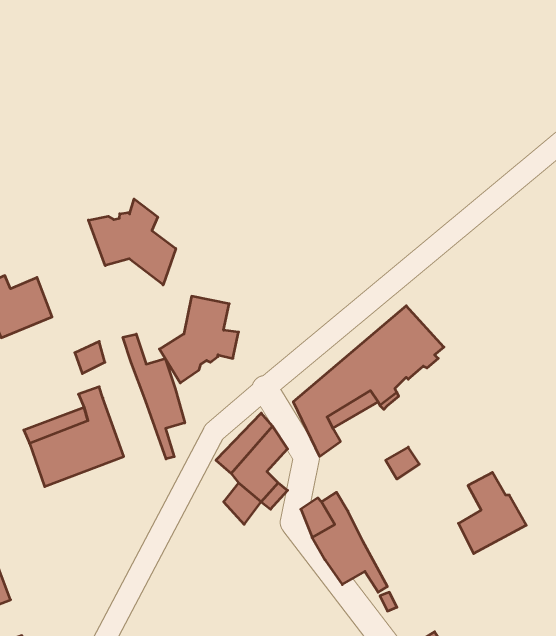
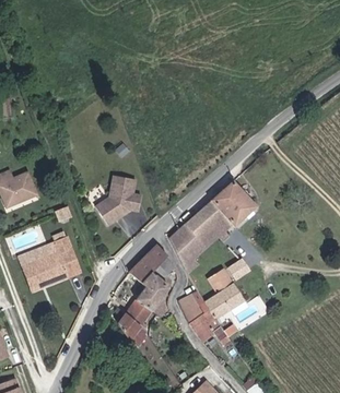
building: [88,199,176,285] -> none
building: [123,334,185,459] -> none
building: [458,472,526,554] -> [207,274,246,321]
building: none -> [114,298,146,344]

